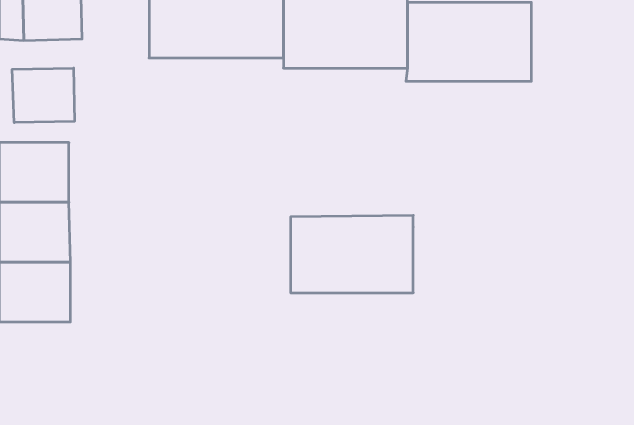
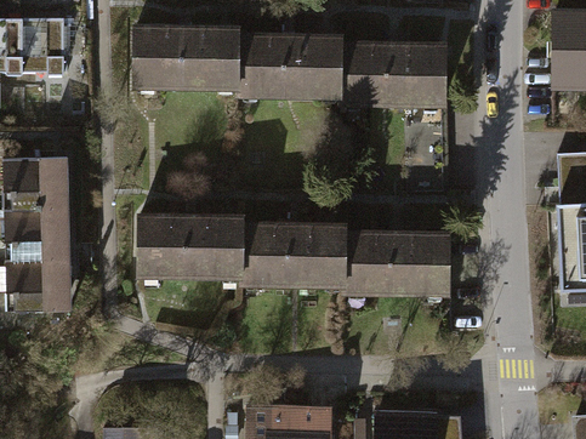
building: [12,68,74,123] -> none
building: none -> [132,213,244,279]
building: none -> [346,232,450,297]

